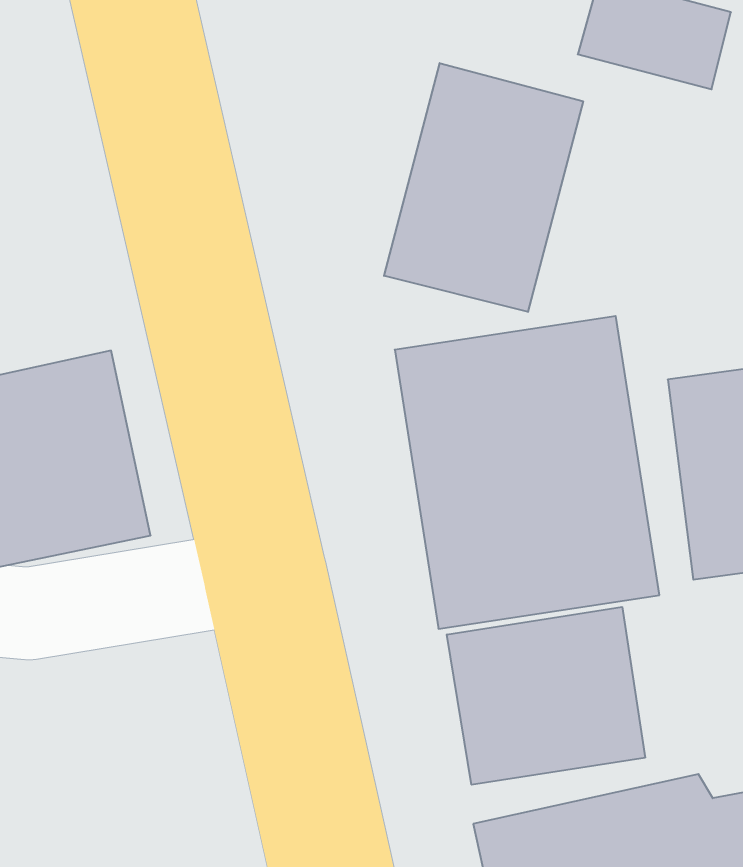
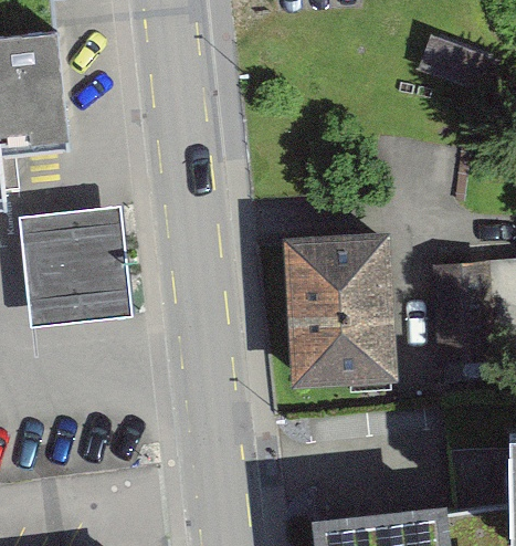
building: [384,63,583,312] -> none
building: [447,607,645,785] -> none

